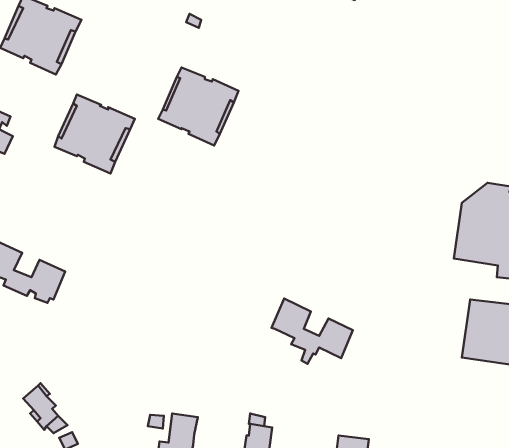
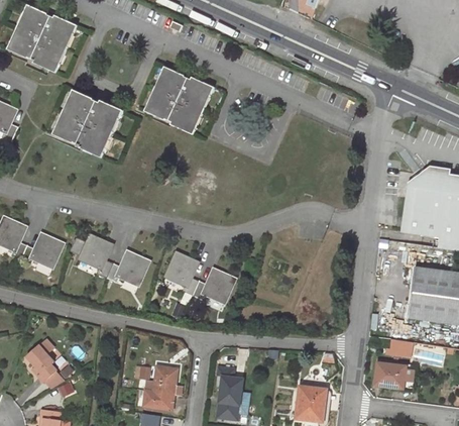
building: none -> [71,233,148,284]
building: [271,299,353,364] -> [163,250,234,307]
building: none -> [382,339,412,357]
building: none -> [373,362,416,389]

